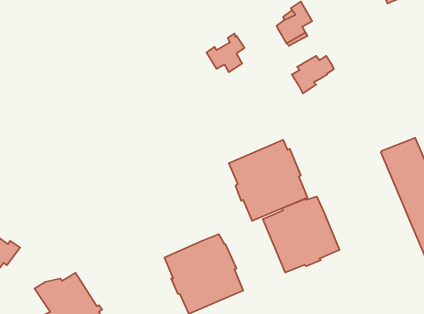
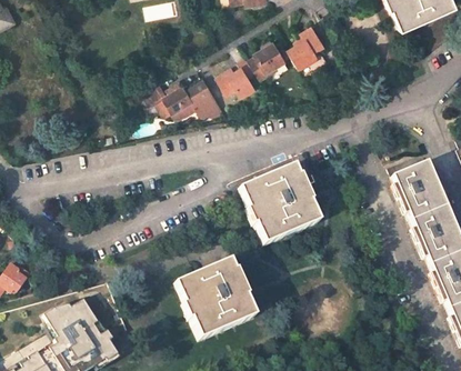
building: [292,56,334,93] -> [250,40,292,78]
building: none -> [147,80,226,117]
building: [263,197,339,273] -> none

